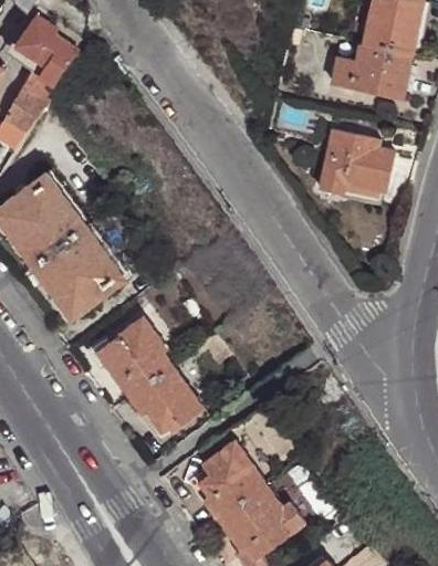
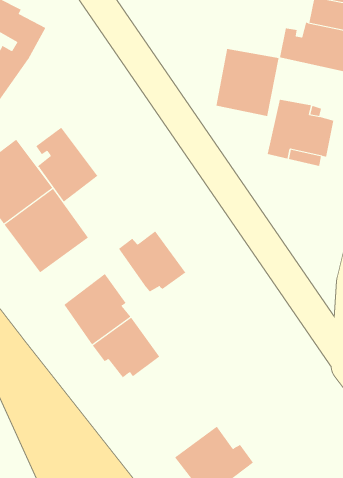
building: none -> [216,48,279,117]
building: none -> [35,127,98,202]
building: none -> [118,231,186,292]
building: [201,442,264,517] -> none

